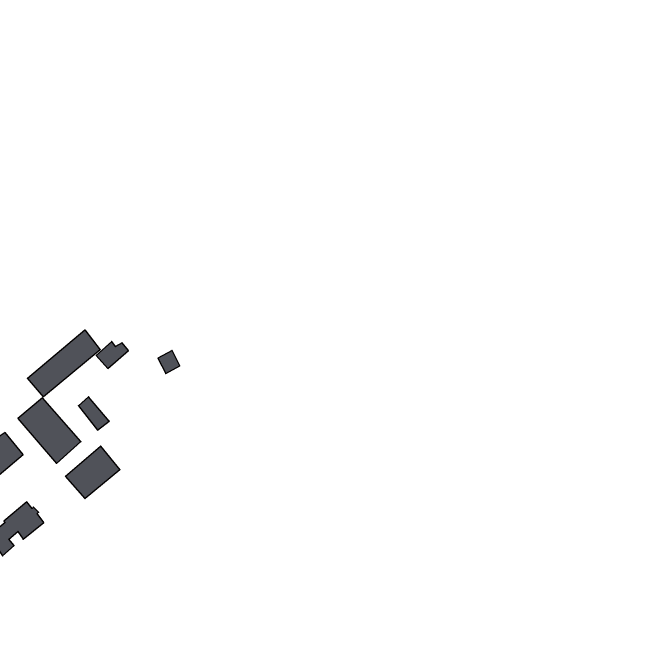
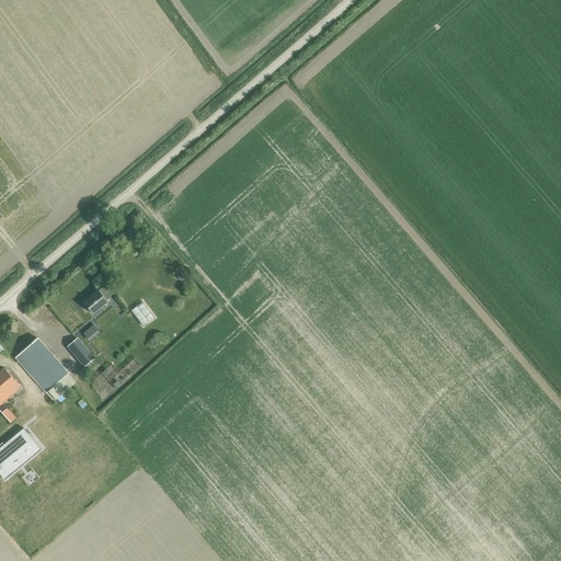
building: [27,330,100,397] -> none
building: [66,446,120,499] -> none

